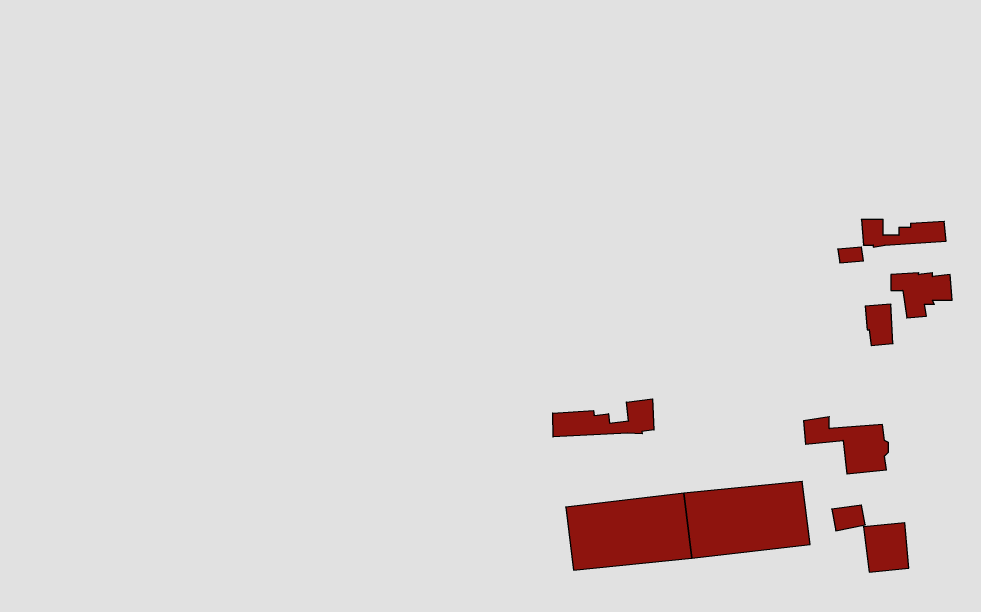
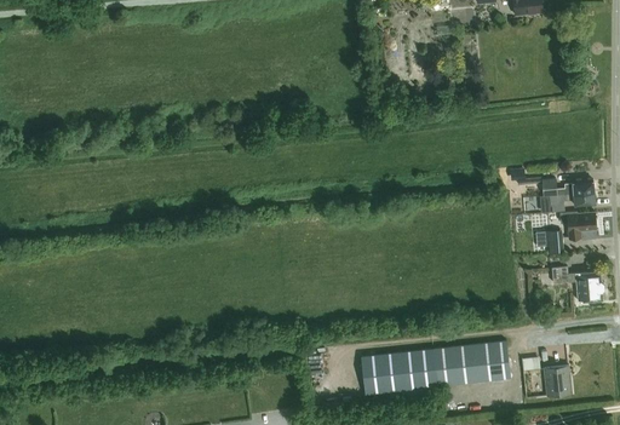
building: none -> [549,193,593,212]
building: [553,399,654,437] -> none
building: [804,417,888,474] -> [551,266,603,301]

